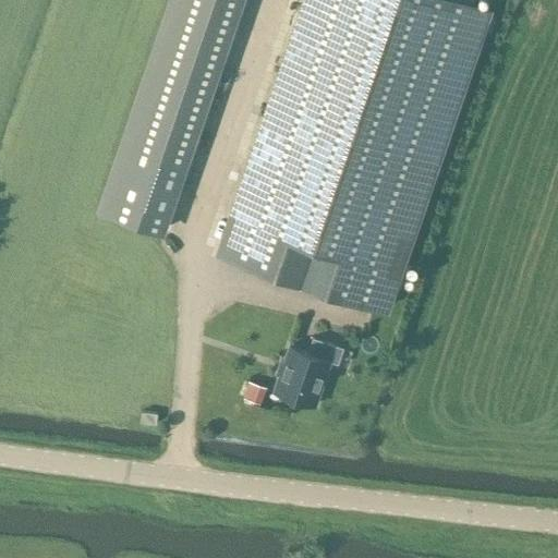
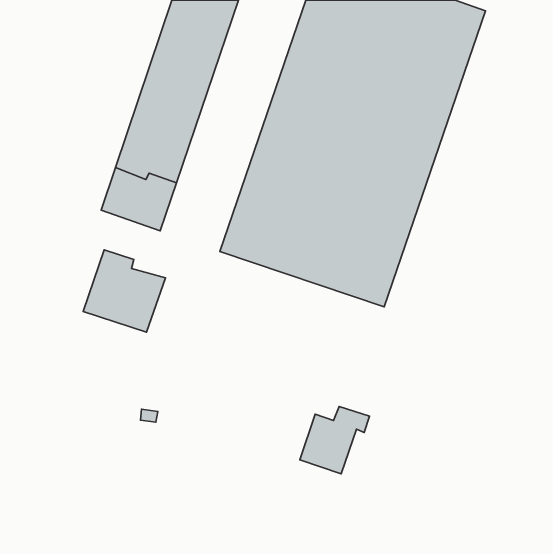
building: none -> [83,250,165,332]
building: [277,339,347,407] -> [300,406,370,474]

